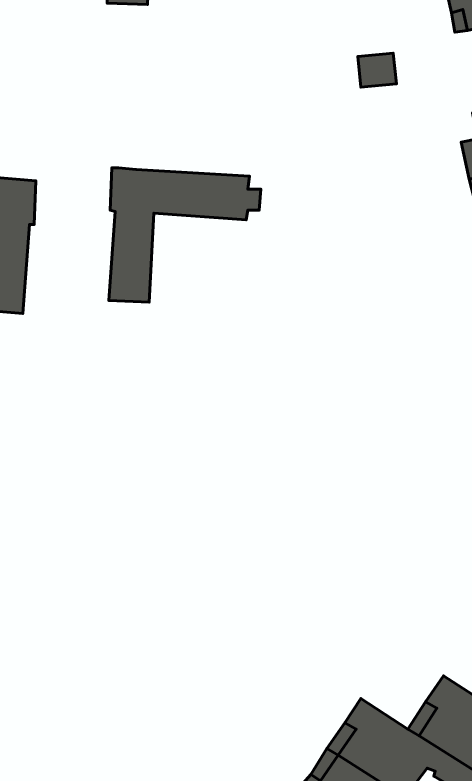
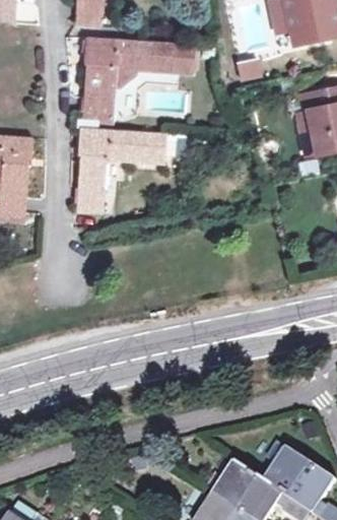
building: none -> [83,38,190,130]

